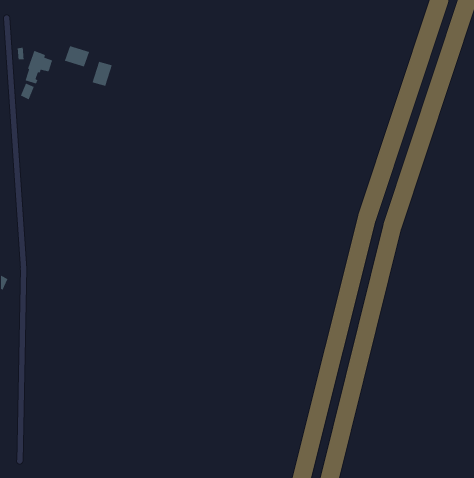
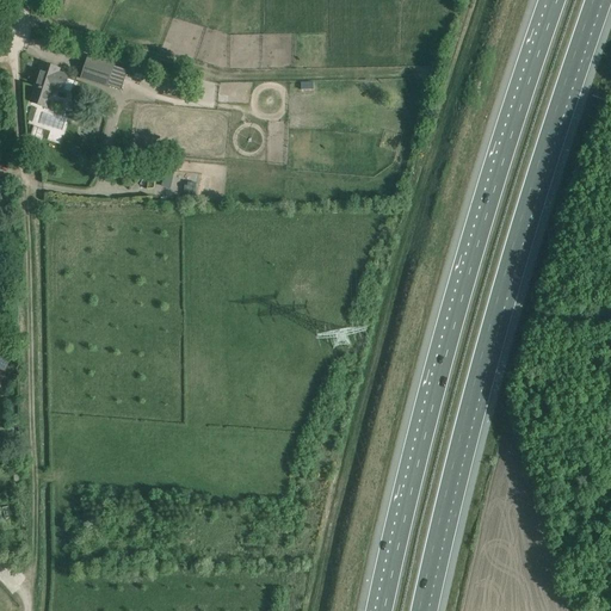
building: [92,61,113,87] -> none

